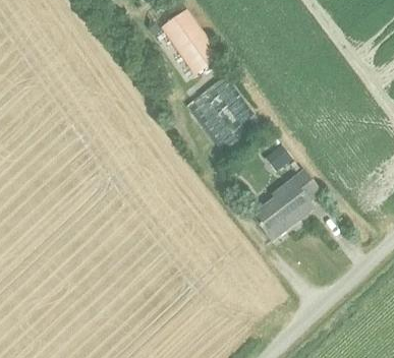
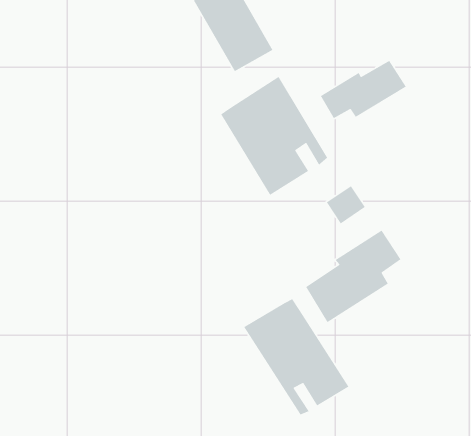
building: none -> [320,60,407,119]
building: none -> [243,298,349,415]

